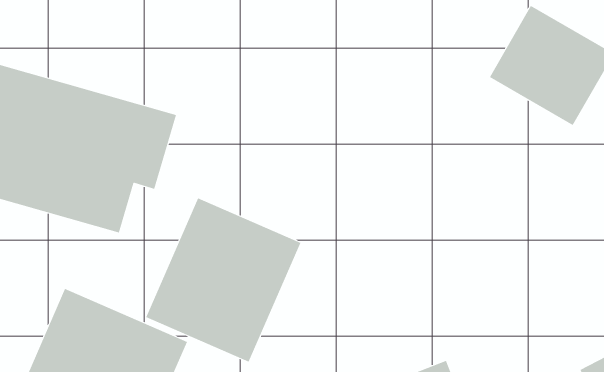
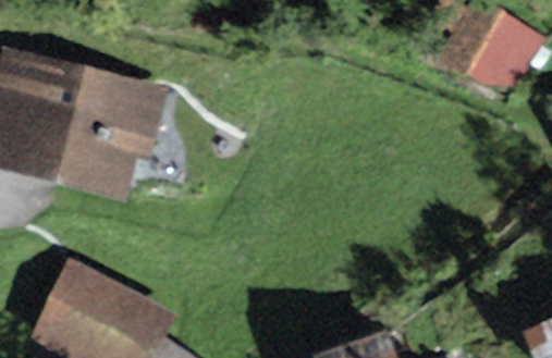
building: [146,198,301,362] -> none

